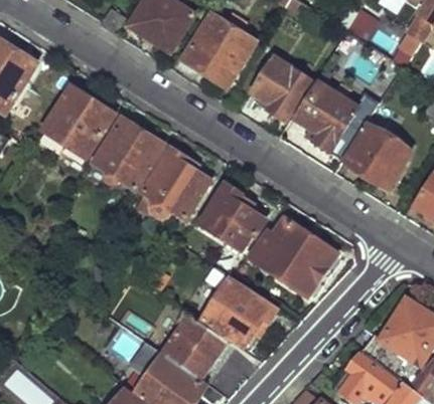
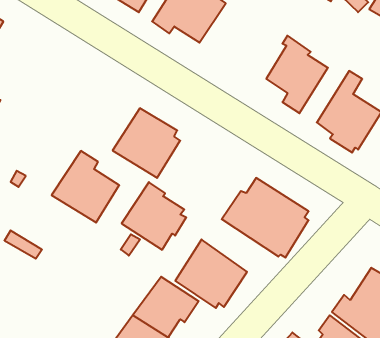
building: [251,57,309,121] -> none
building: [42,84,106,156] -> none
building: [93,117,160,188] -> [52,151,119,223]
building: [198,182,263,249] -> [122,182,186,250]

